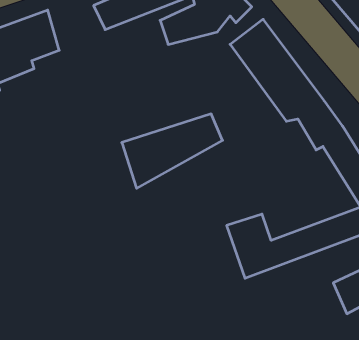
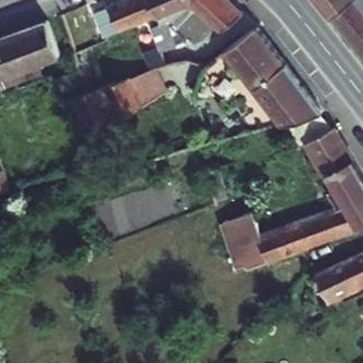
building: [122,114,223,188] -> [76,72,172,142]

